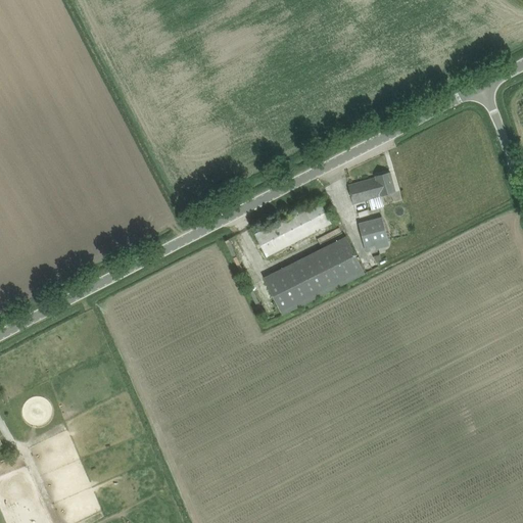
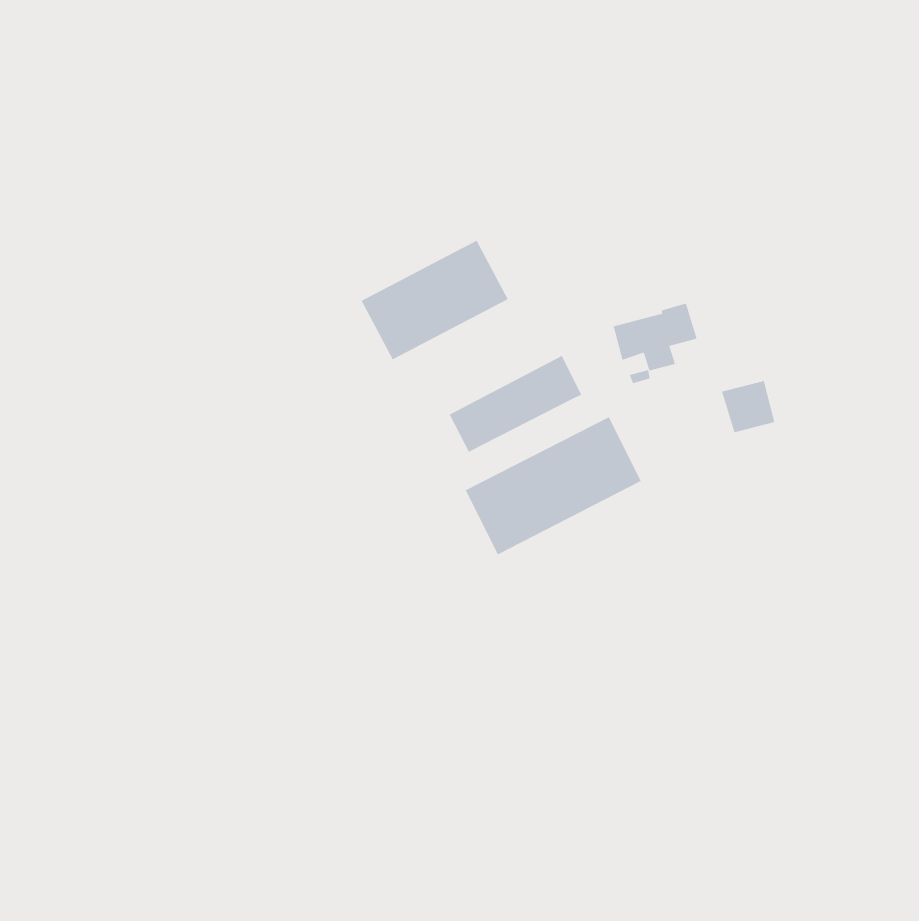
building: none -> [361,240,509,360]
building: [358,218,388,247] -> [721,381,775,433]

